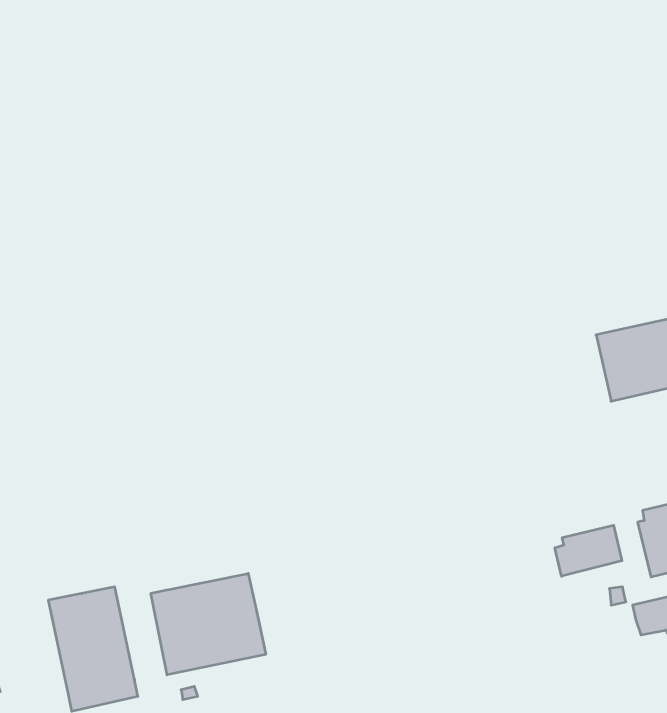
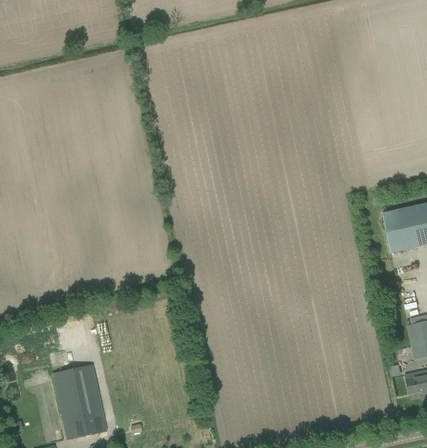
building: [555,525,622,576] -> none
building: [151,573,266,675] -> none

